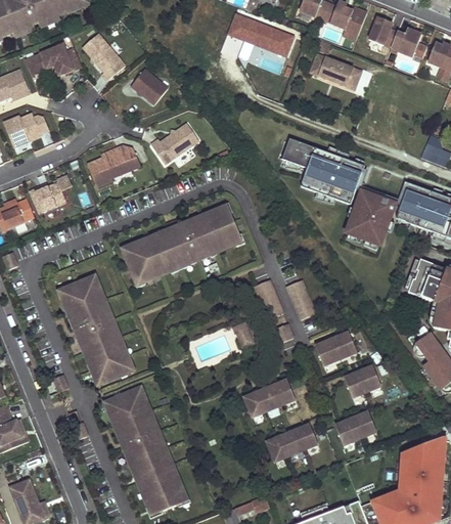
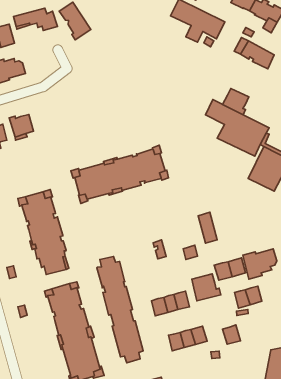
building: [131,69,168,103] -> none
building: none -> [222,88,249,115]
building: [150,123,198,163] -> none
building: [87,145,140,186] -> none
building: [255,279,283,318] -> none
building: none -> [243,249,277,279]
building: none -> [97,256,143,363]
building: none -> [192,274,221,301]
building: [351,412,375,438] -> none

